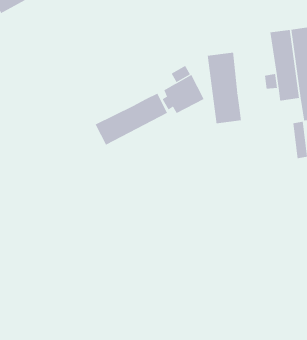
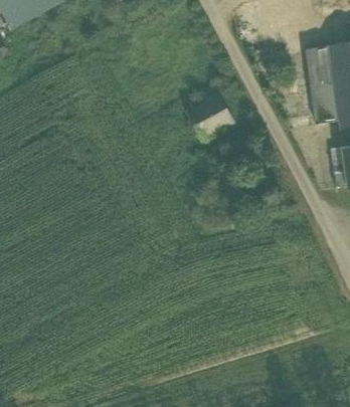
building: [207,52,241,124] -> none
building: [95,93,168,145] -> none

